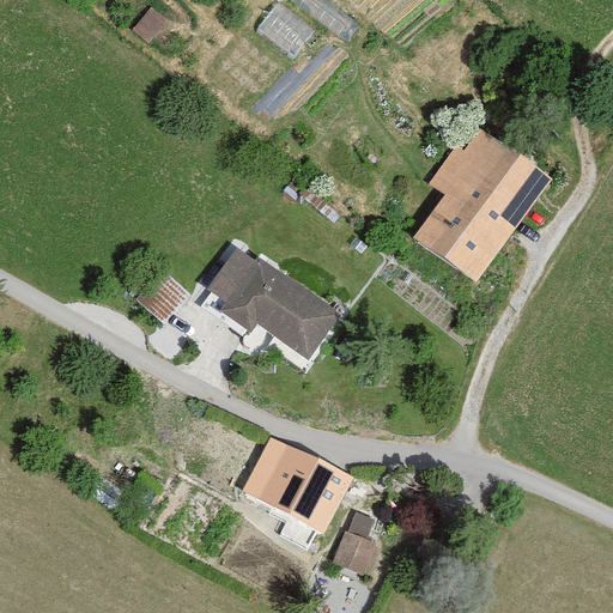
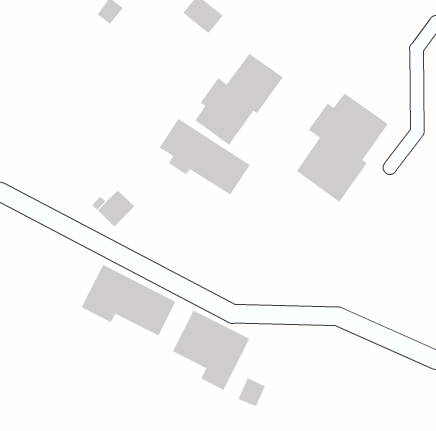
building: none -> [195,53,284,146]
building: [208,248,338,357] -> [159,118,251,196]
building: none -> [81,264,177,337]

